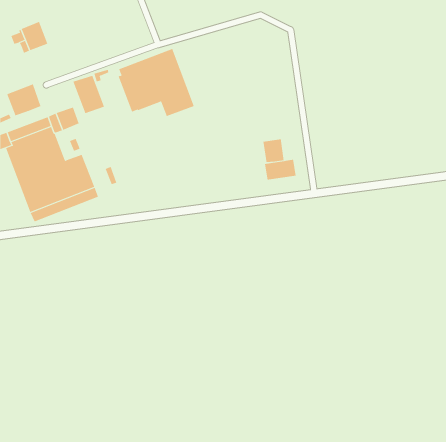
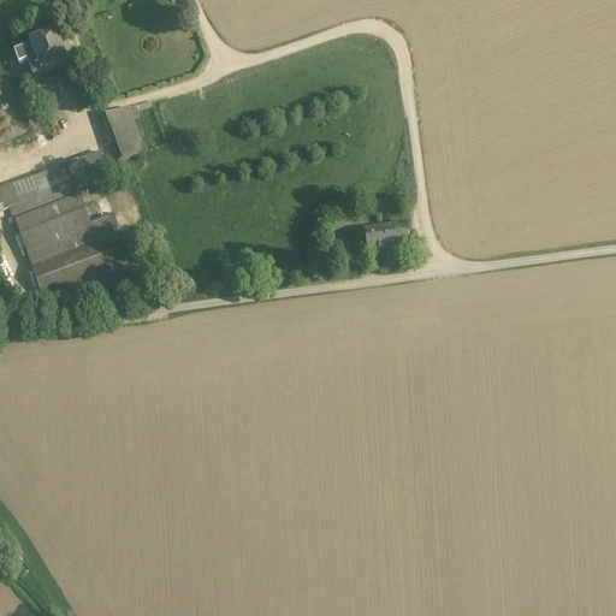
building: [118,48,195,117] -> none
building: [6,83,41,116] -> none
building: [263,138,284,163] -> none

